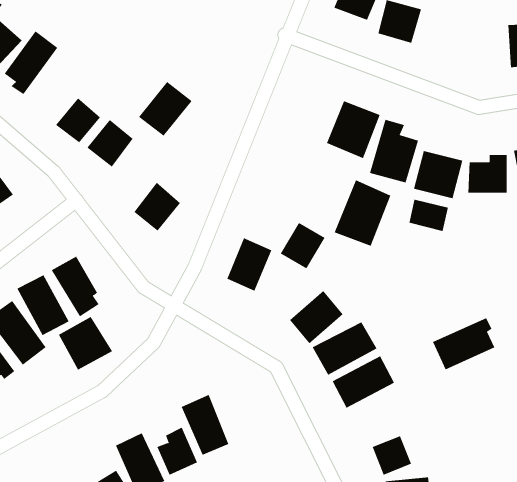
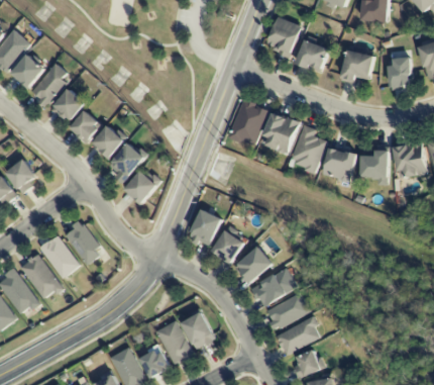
building: none -> [341,51,373,84]
building: none -> [50,89,86,124]
building: [138,81,193,137] -> [107,142,145,182]
building: [334,180,391,247] -> [228,99,268,147]
building: [409,199,448,232] -> none
building: [280,222,326,269] -> [212,230,244,264]
building: [58,316,113,370] -> none
building: [432,318,495,370] -> [275,317,319,355]
building: none -> [182,312,215,351]

